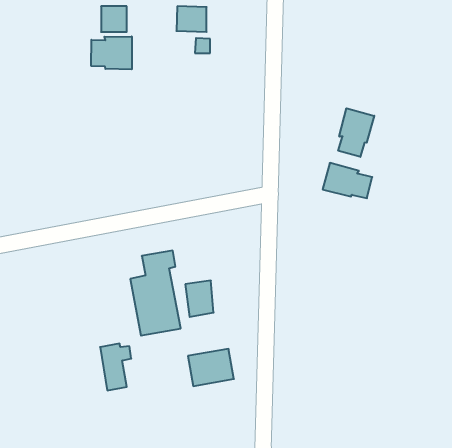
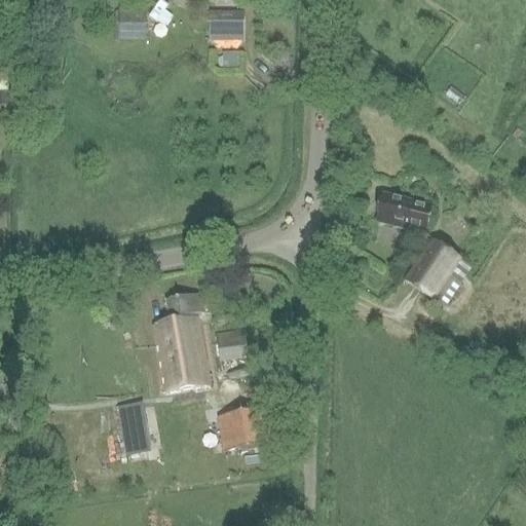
building: [91,36,132,69] -> none
building: [338,108,374,157] -> none
building: none -> [405,238,471,301]

